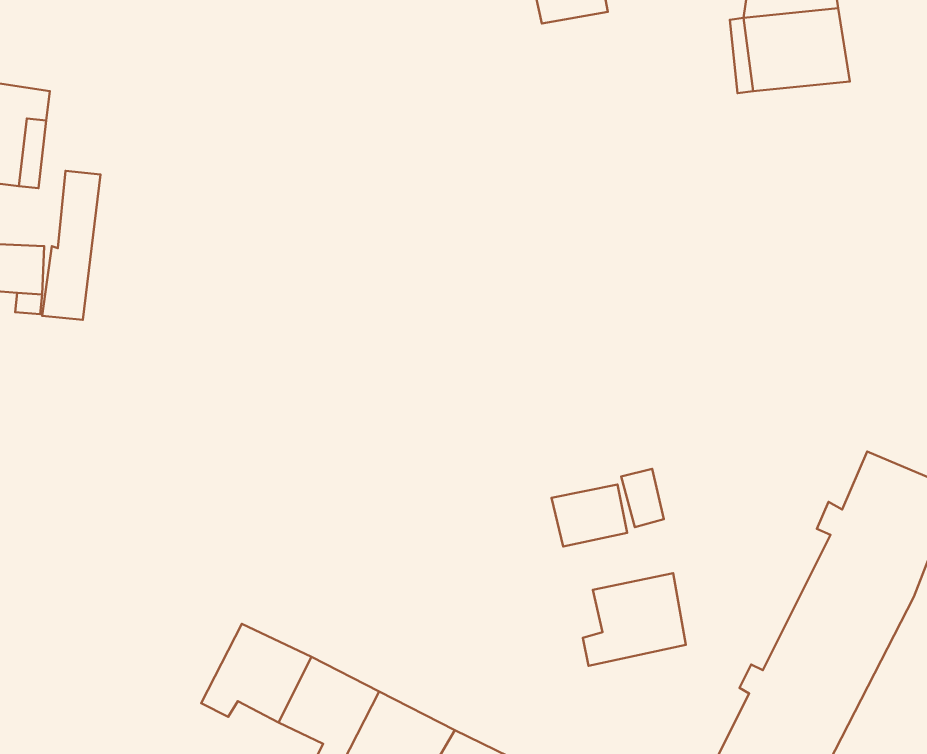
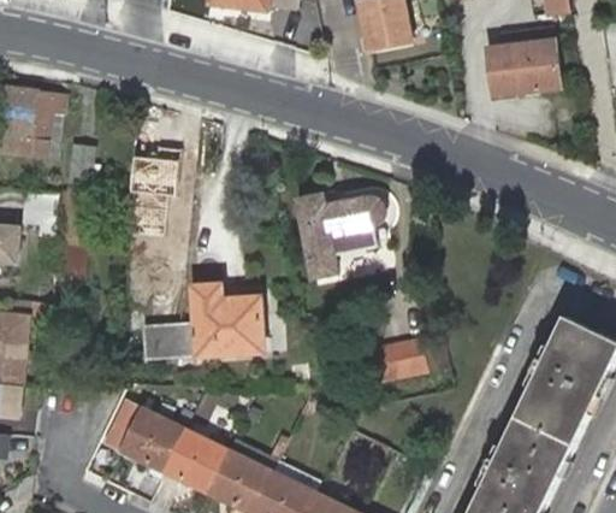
building: none -> [298,191,384,273]
building: none -> [138,284,261,359]
building: [583,573,686,666] -> none
building: none -> [119,403,182,474]

